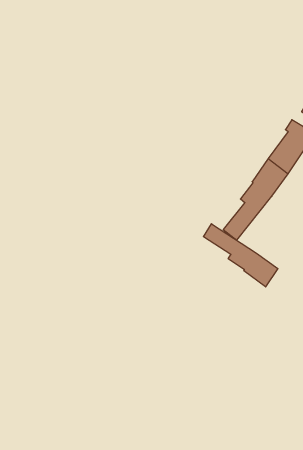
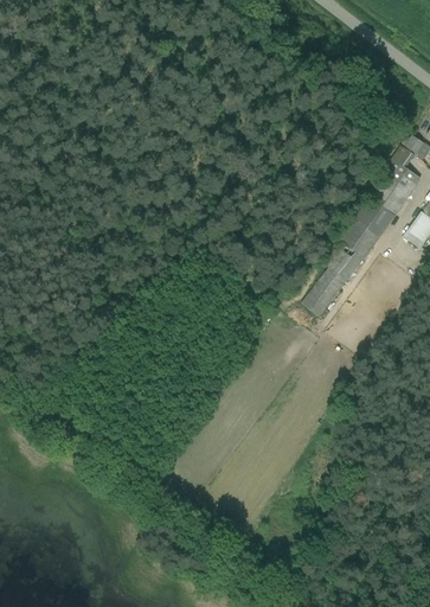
building: [203,224,278,287] -> none

